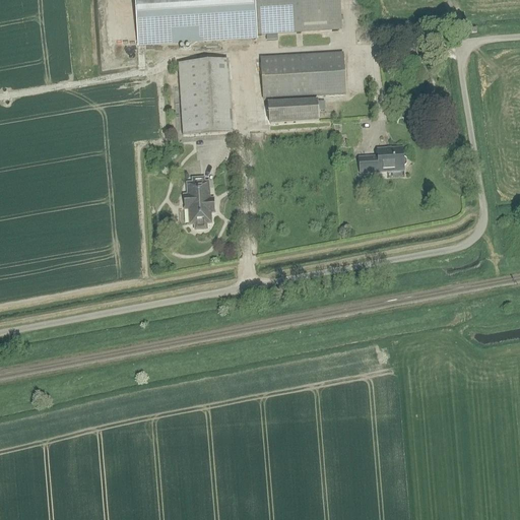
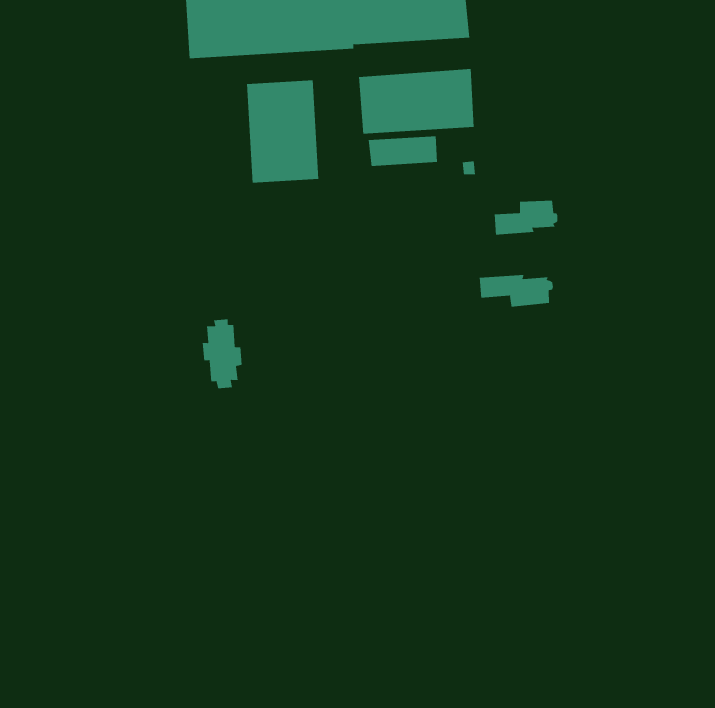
building: [184,176,213,226] -> [202,319,243,389]
building: none -> [479,274,554,307]

